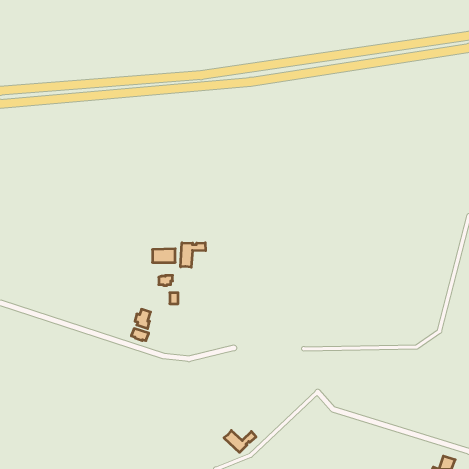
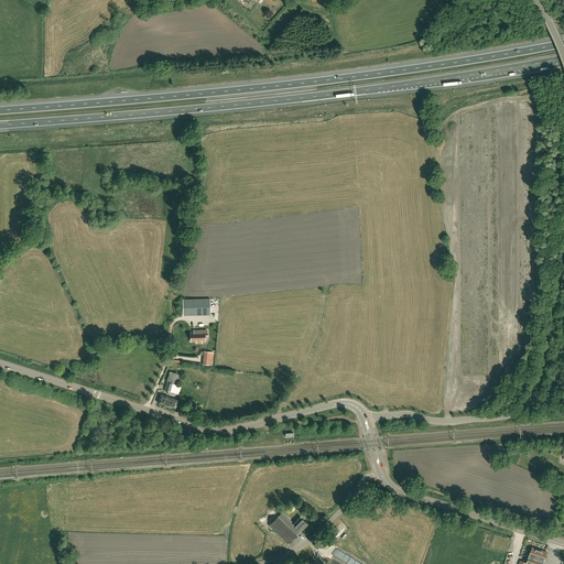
building: [181,243,206,267] -> none

